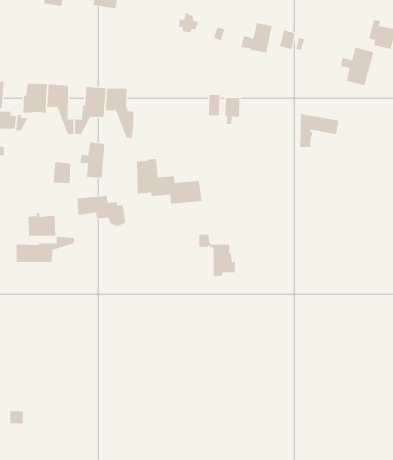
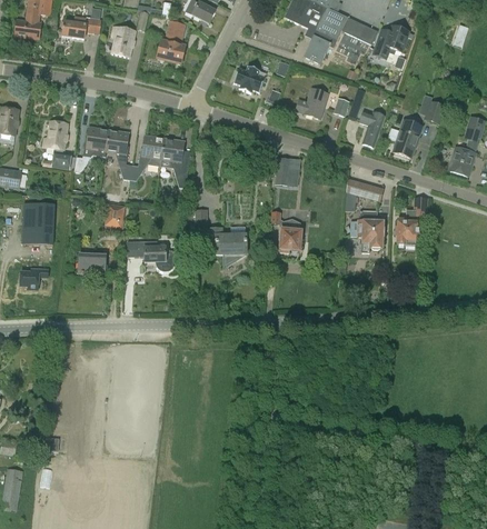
building: none -> [358,110,385,149]
building: none -> [395,197,428,244]
building: [80,142,105,178] -> none
building: none -> [350,210,384,252]
building: [199,234,236,276] -> [269,210,304,252]
building: [16,236,75,263] -> none

